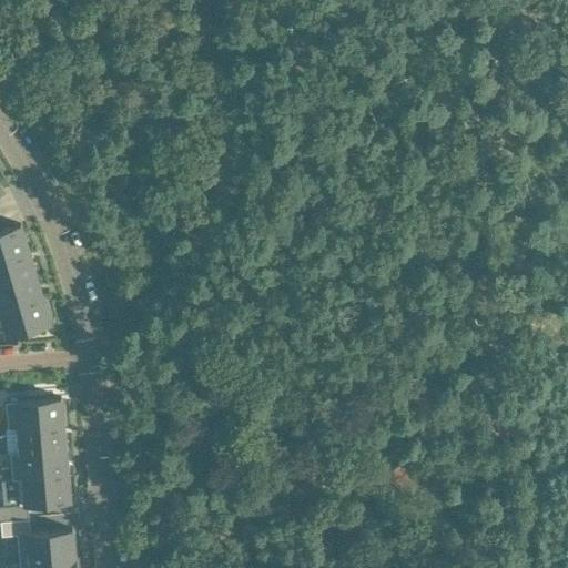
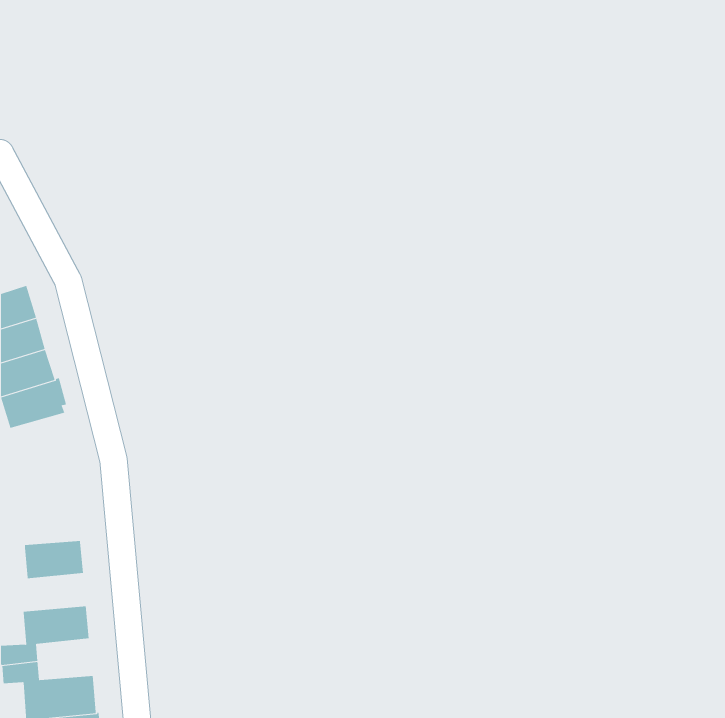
building: [6,403,68,435] -> none
building: [10,454,68,485] -> none

